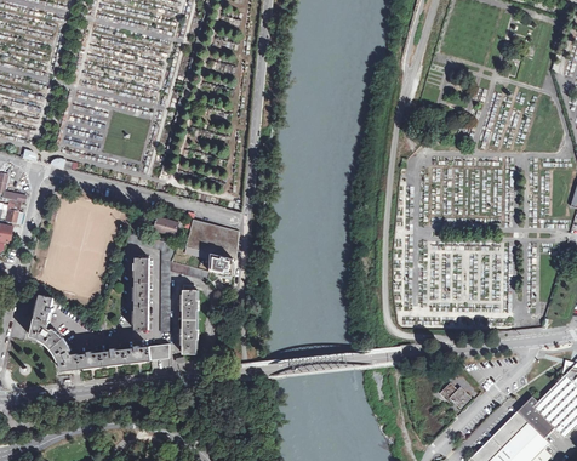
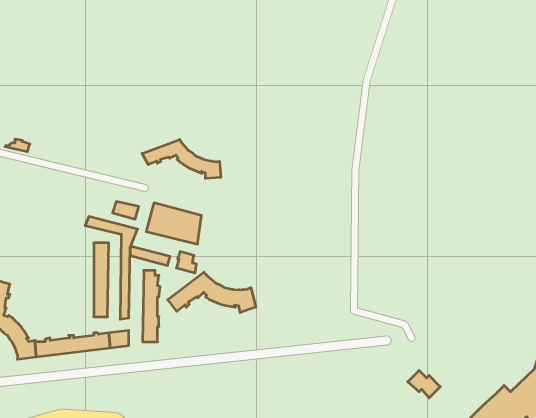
building: none -> [142,139,221,178]
building: none -> [168,272,256,313]

